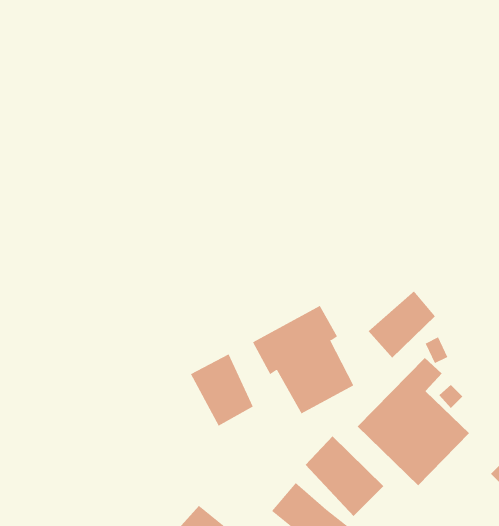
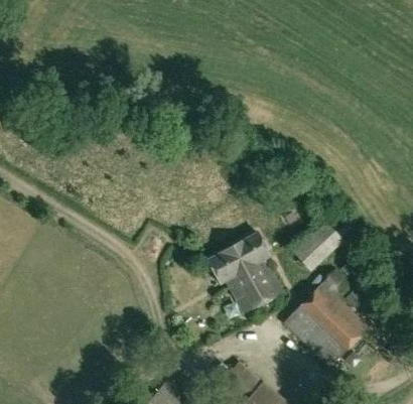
building: [190,354,254,426] -> none
building: [305,435,384,517] -> none

